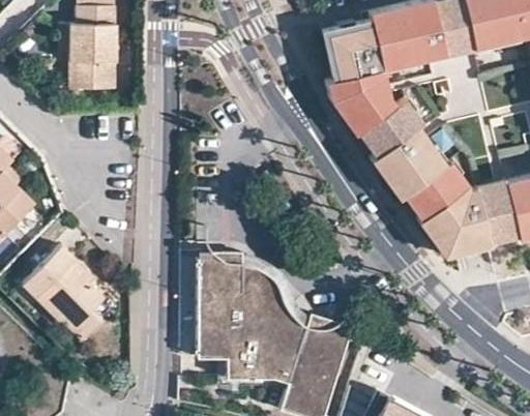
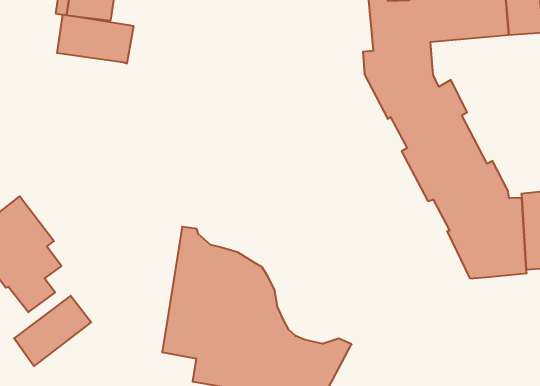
building: none -> [57,15,134,64]
building: none -> [14,296,91,366]

